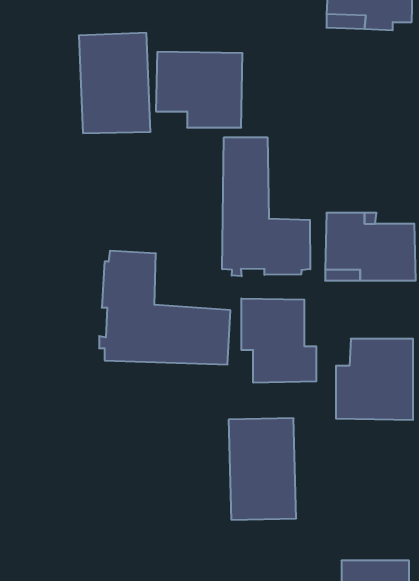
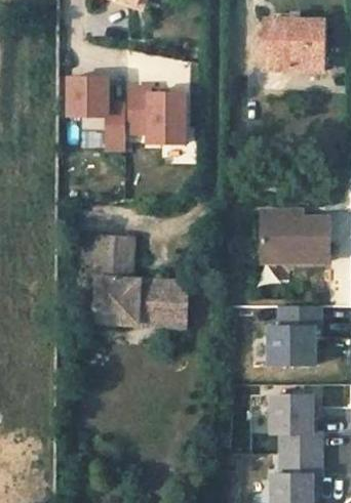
building: [222,137,310,276] -> none
building: [241,298,316,383] -> none
building: [229,418,296,520] -> [272,393,323,470]

